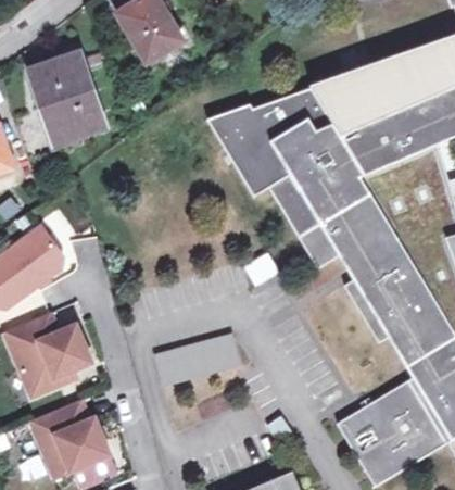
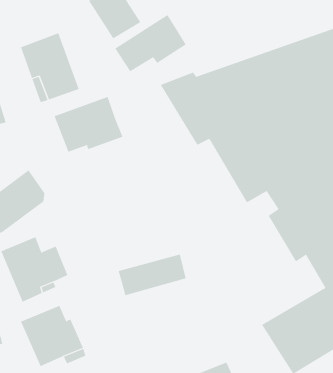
building: none -> [115,14,186,72]
building: none -> [54,96,123,152]

